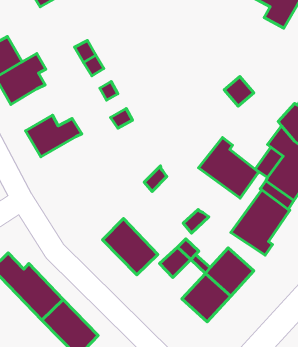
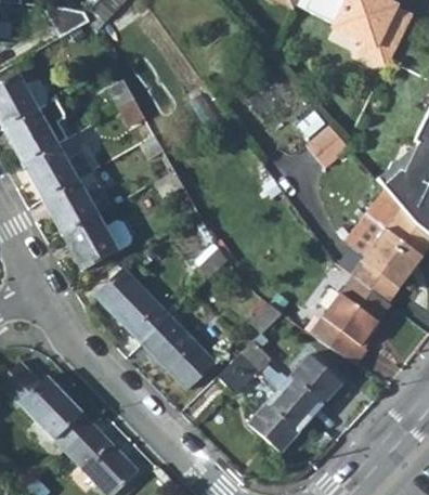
building: none -> [22,143,92,198]
building: none -> [62,206,129,269]
building: [198,138,259,198] -> none
building: none -> [96,265,171,342]

